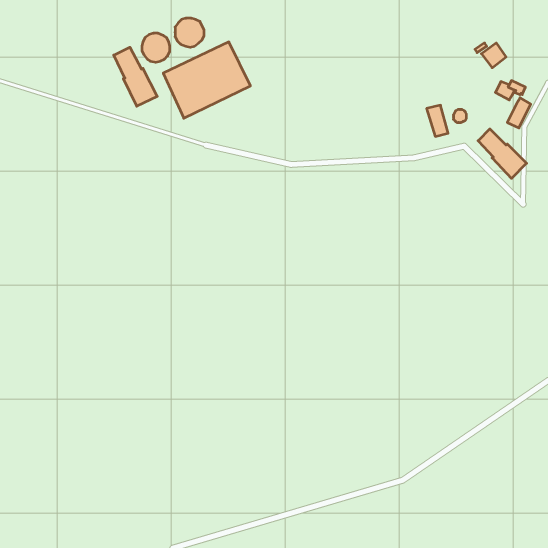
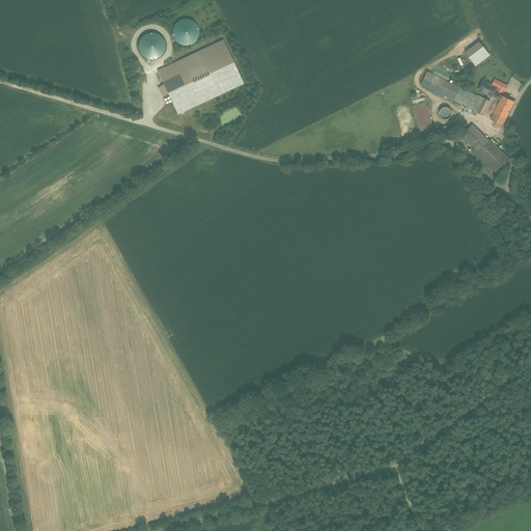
building: [114,47,157,106] -> none
building: none -> [421,72,490,114]

